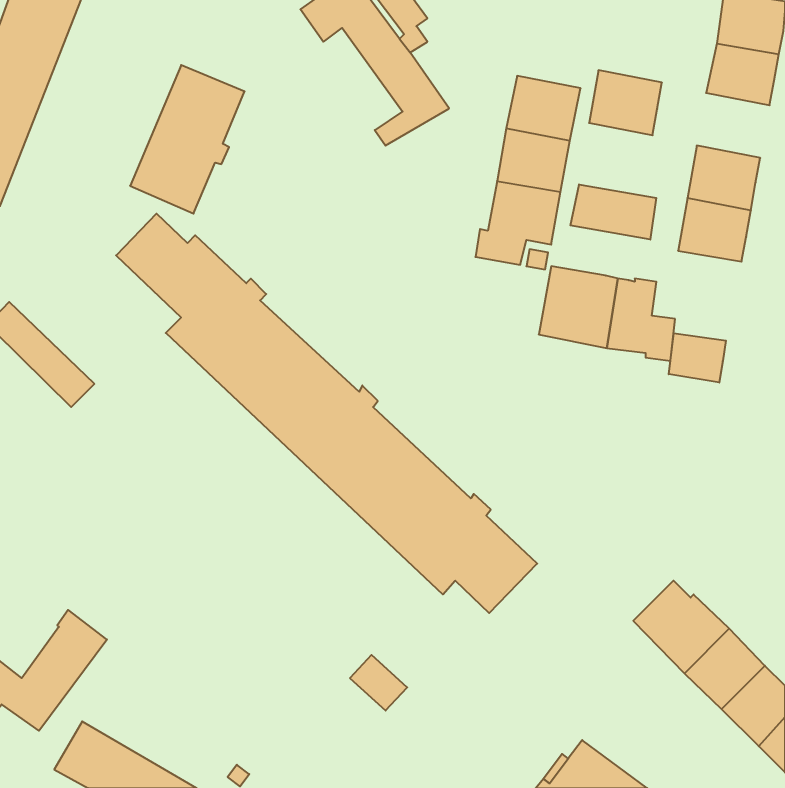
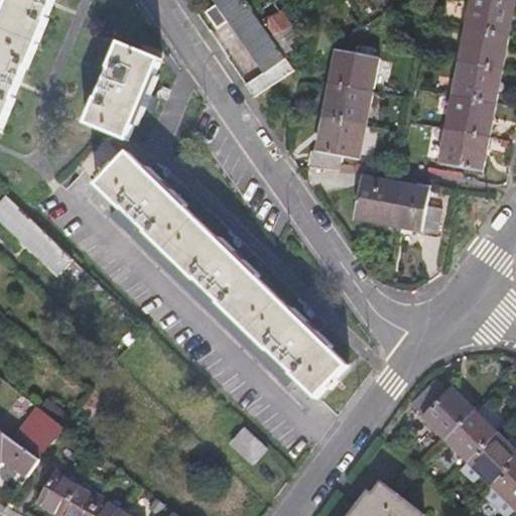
building: [589,70,662,135] -> [454,60,501,103]
building: [570,184,656,240] -> none
building: [669,333,726,383] -> none

